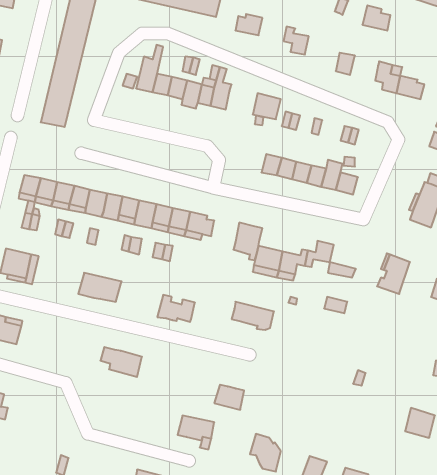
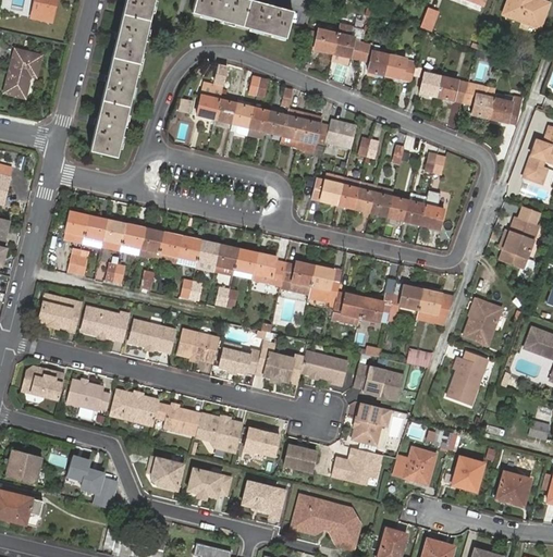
building: [362,5,390,31] -> [435,75,467,103]
building: none -> [332,23,364,59]
building: none -> [384,53,416,81]
building: none -> [295,115,328,143]
building: none -> [309,180,341,207]
building: none -> [275,260,310,296]
building: none -> [413,288,448,315]
building: none -> [82,307,130,341]
building: none -> [175,330,219,362]
building: none -> [256,347,305,383]
building: none -> [448,352,490,406]
building: none -> [354,364,404,398]
building: none -> [66,377,111,410]
building: none -> [111,391,158,425]
building: none -> [352,403,391,446]
building: none -> [195,414,243,453]
building: none -> [243,428,279,455]
building: none -> [401,445,439,482]
building: none -> [331,448,381,484]
building: none -> [453,454,484,488]
building: none -> [150,456,183,490]
building: none -> [67,457,116,507]
building: none -> [188,468,231,498]
building: none -> [290,498,329,530]

